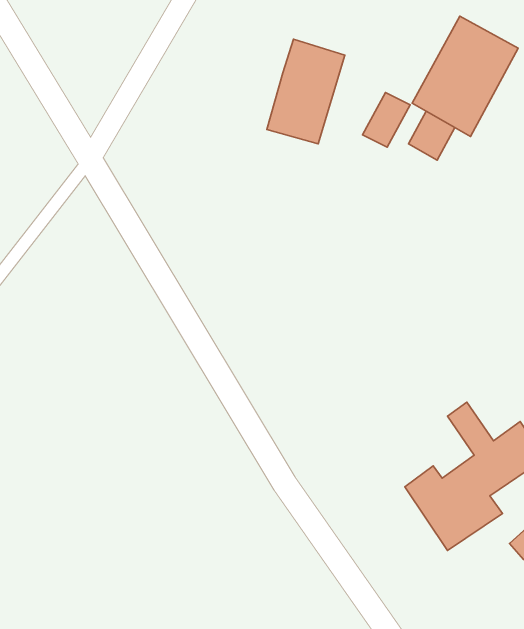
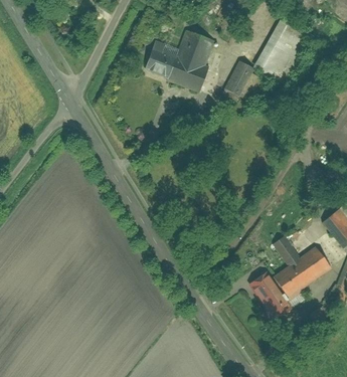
building: none -> [141,40,180,80]
building: [409,111,455,160] -> none

